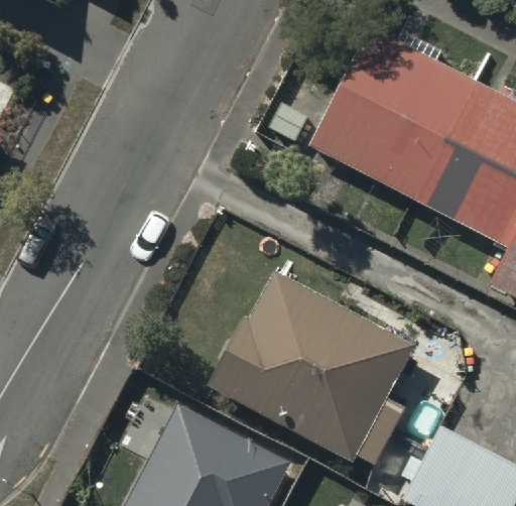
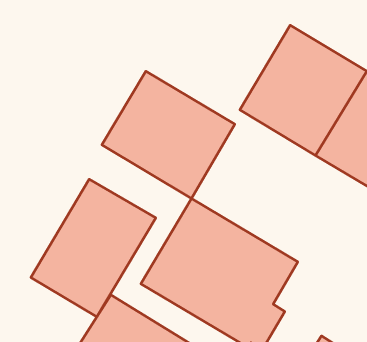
building: none -> [102,71,235,198]
building: none -> [31,179,156,317]

